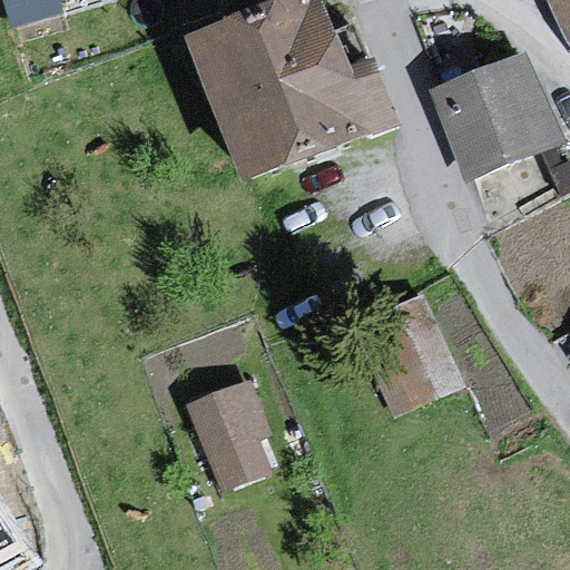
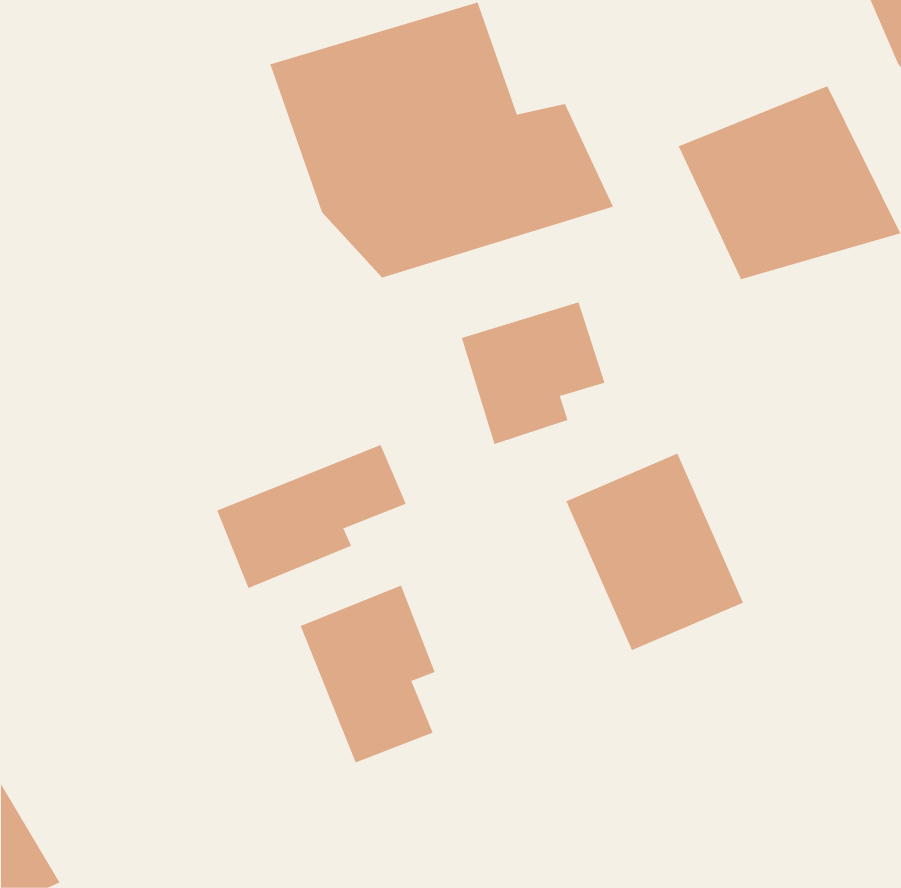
building: none -> [461,301,605,445]
building: none -> [217,444,406,589]

